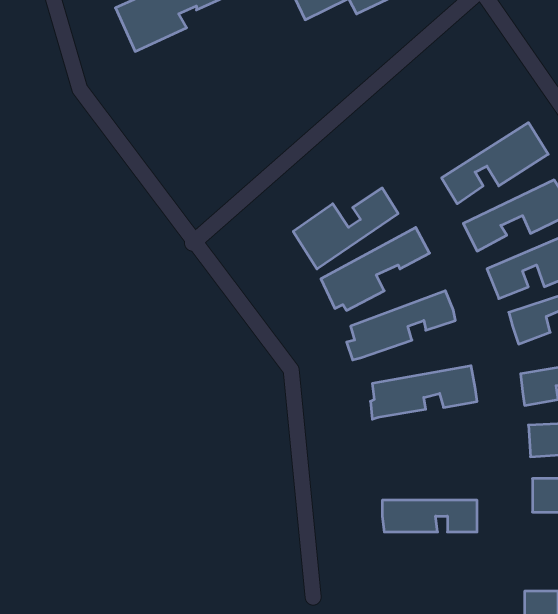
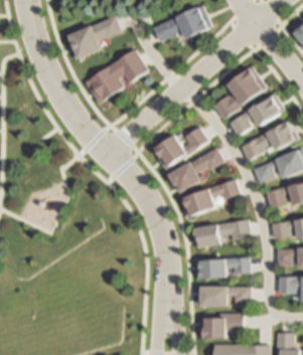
building: none -> [84,52,147,105]
building: none -> [213,67,267,120]
building: none -> [194,255,247,276]
building: none -> [201,315,240,336]

